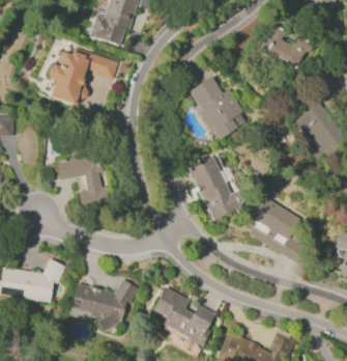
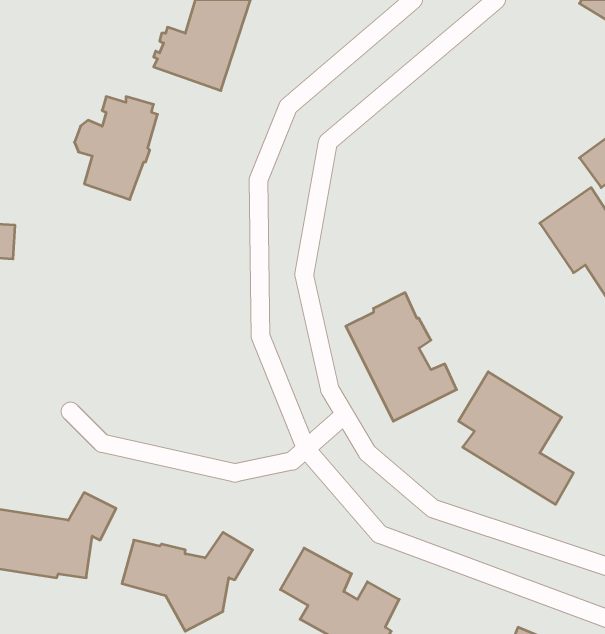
building: [258,26,311,68] -> none
building: [88,54,119,80] -> none
building: [189,77,244,140] -> none
building: [57,152,110,205] -> none

